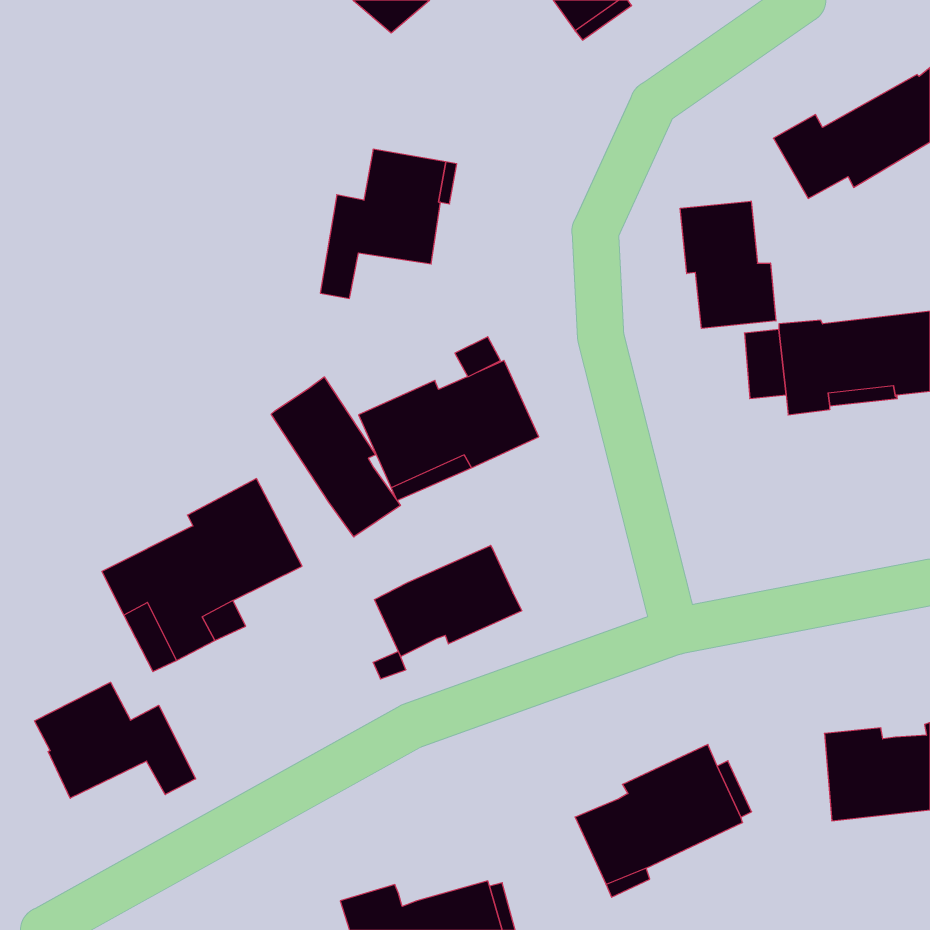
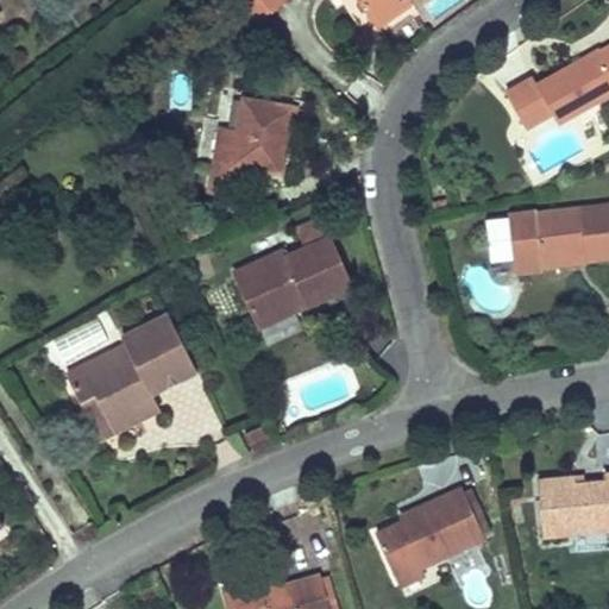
building: [680,201,776,328] -> none
building: [271,377,400,537] -> none
building: [375,545,522,657] -> none
building: [35,682,196,798] -> none

